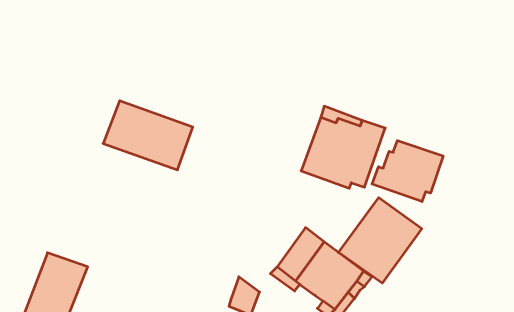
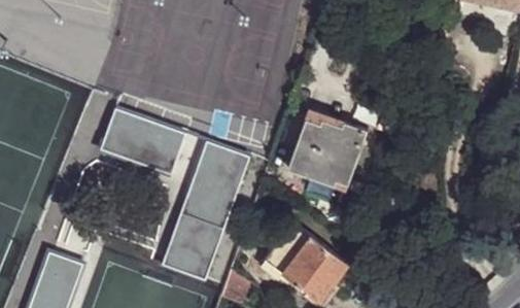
building: none -> [164,140,249,275]
building: [372,141,443,202] -> none
building: [338,198,422,283] -> none

